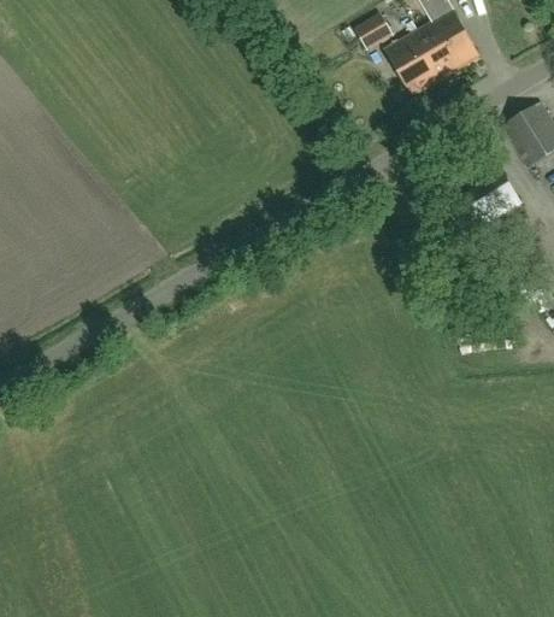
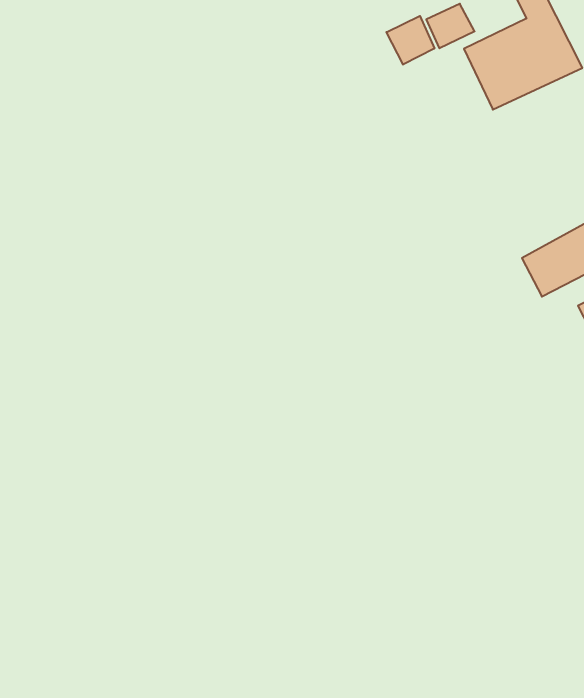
building: none -> [386,16,434,65]

